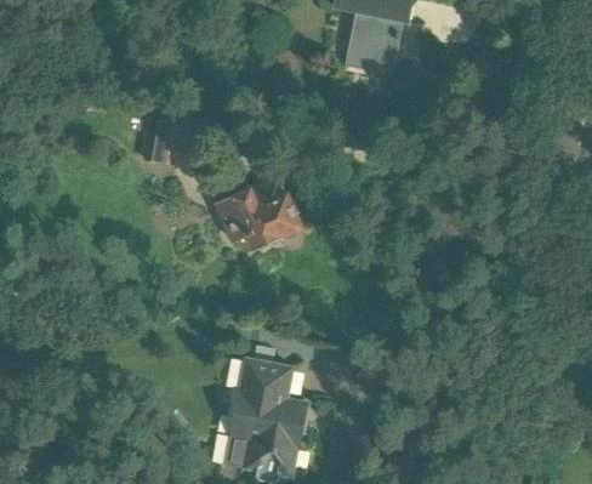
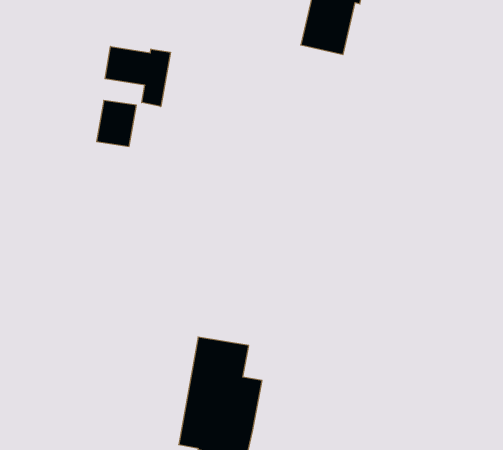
building: none -> [105,46,170,107]
building: [217,178,300,247] -> none

